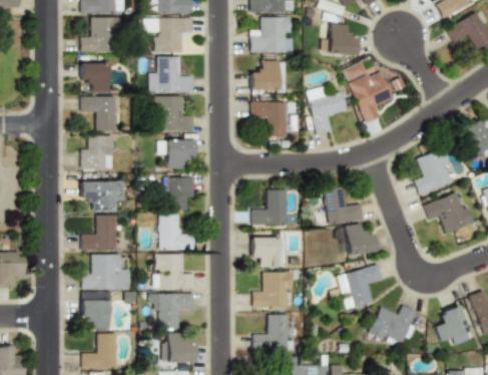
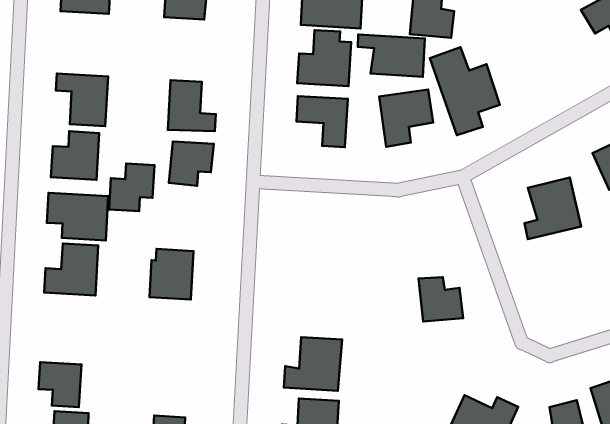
building: [149,56,193,92] -> none
building: none -> [358,35,425,77]
building: [80,62,108,92] -> none
building: [163,177,193,211] -> [109,163,155,211]
building: [324,185,364,225] -> none
building: [252,191,287,225] -> none
building: [424,191,474,234] -> none
building: [252,238,285,267] -> none
building: [81,255,130,289] -> none
building: [154,255,195,289] -> none
building: [338,265,382,310] -> none
building: [149,293,195,329] -> none

